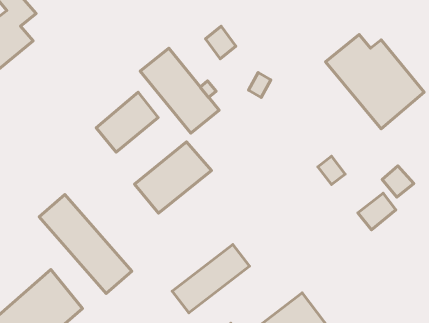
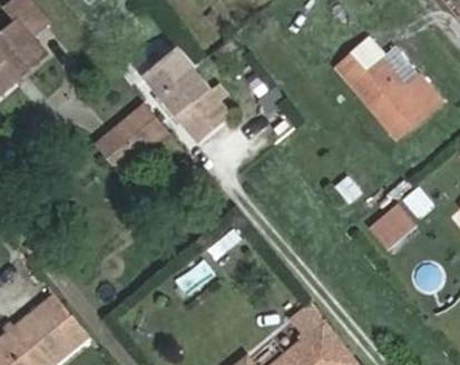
building: [135,142,211,213] -> none
building: [39,195,132,293] -> none
building: [172,244,250,313] -> none

